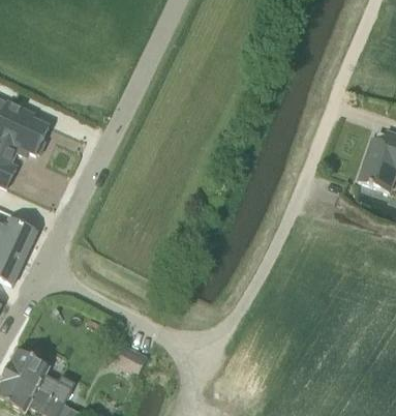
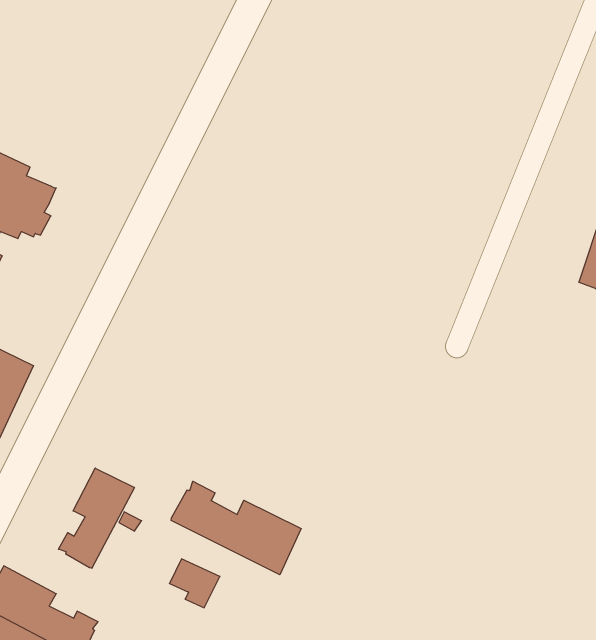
building: none -> [58,468,134,568]
building: none -> [171,481,301,575]

